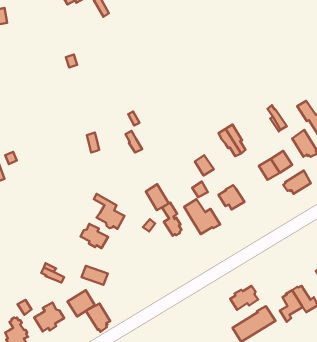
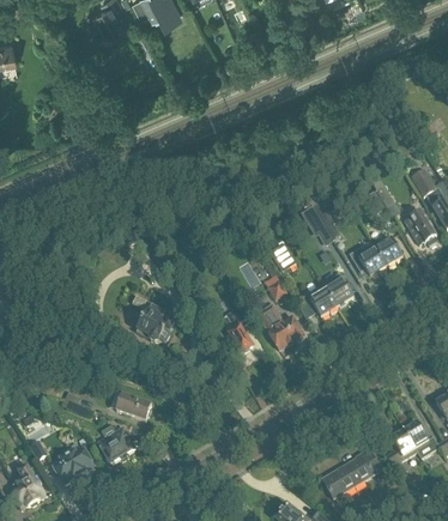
building: [283,170,311,194] -> none
building: none -> [323,273,355,307]
building: [146,184,169,210] -> none
building: [81,224,108,248] -> none
building: [230,286,258,310] -> none
building: [86,304,110,332] -> none

